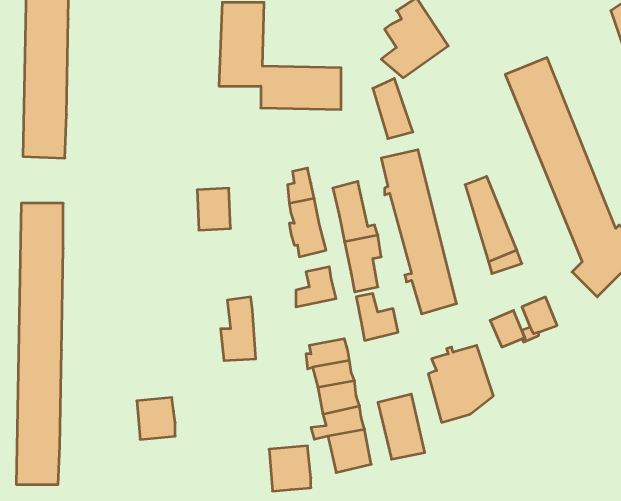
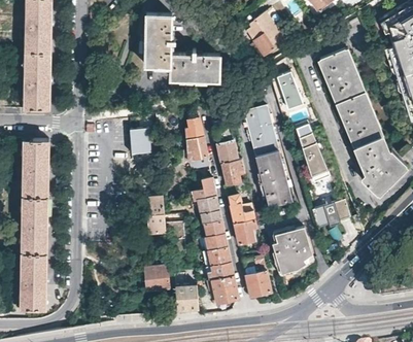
building: [373,78,413,139] -> [278,69,303,106]
building: none -> [192,197,221,226]
building: none -> [234,217,257,245]
building: [137,398,175,439] -> [147,267,171,293]

